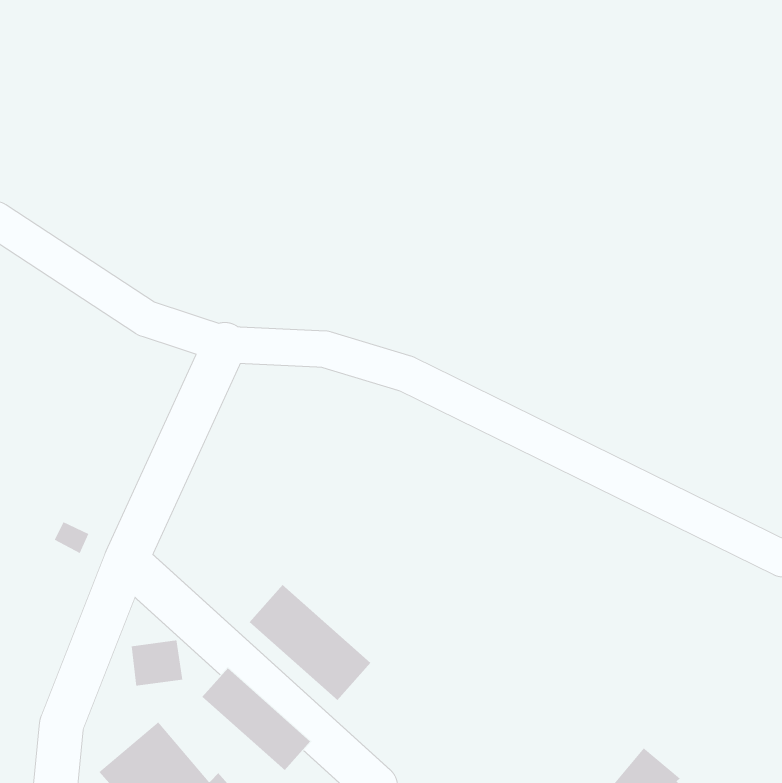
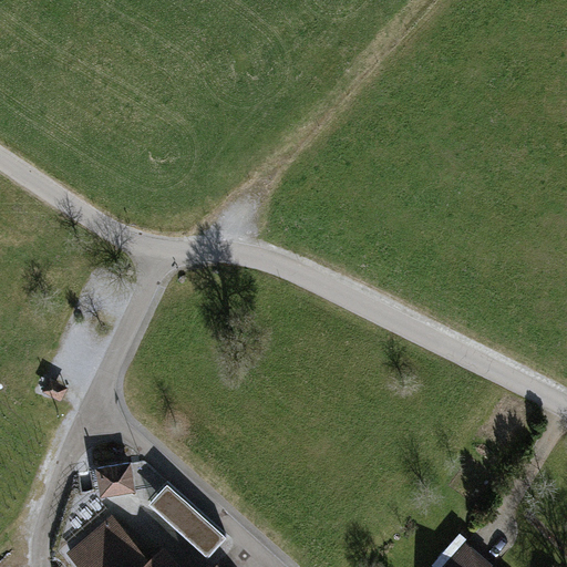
building: [249,584,371,701] -> none

